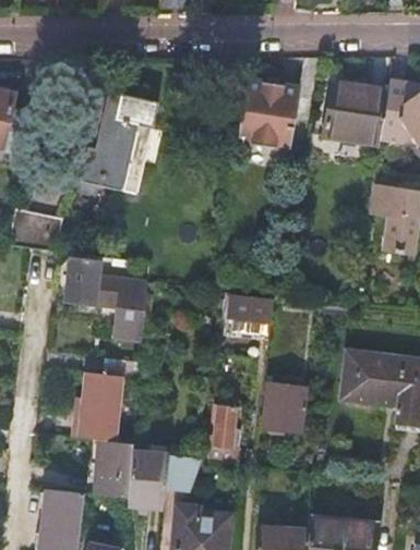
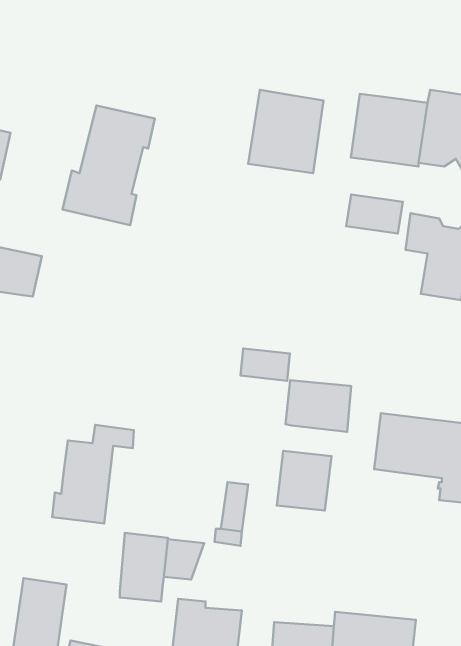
building: none -> [346,195,403,234]
building: [65,260,147,342] -> none
building: none -> [285,380,351,432]
building: [94,441,133,500] -> none

